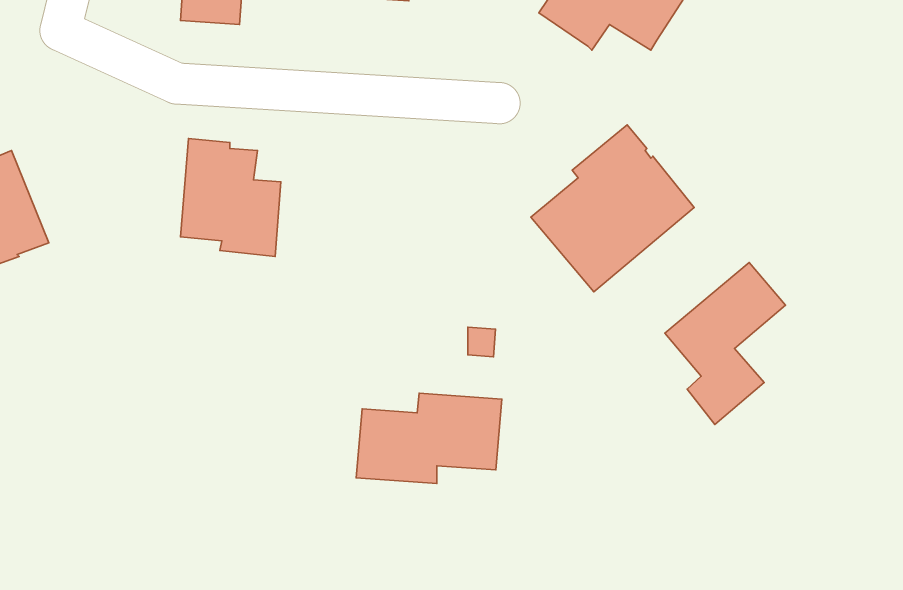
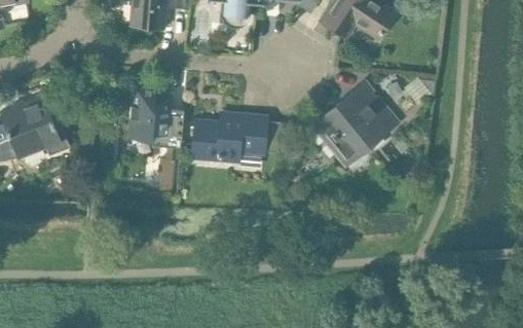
building: [665,262,785,424] -> none
building: [356,393,502,484] -> [190,114,266,161]

